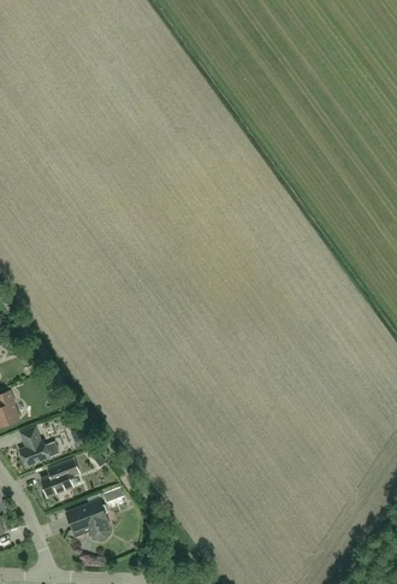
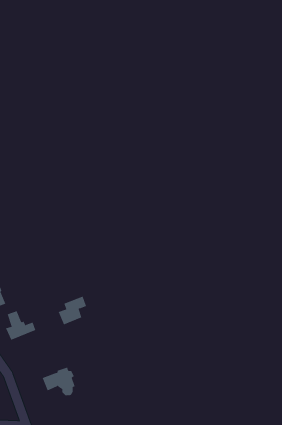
building: [41,459,78,496] -> [58,296,87,325]

